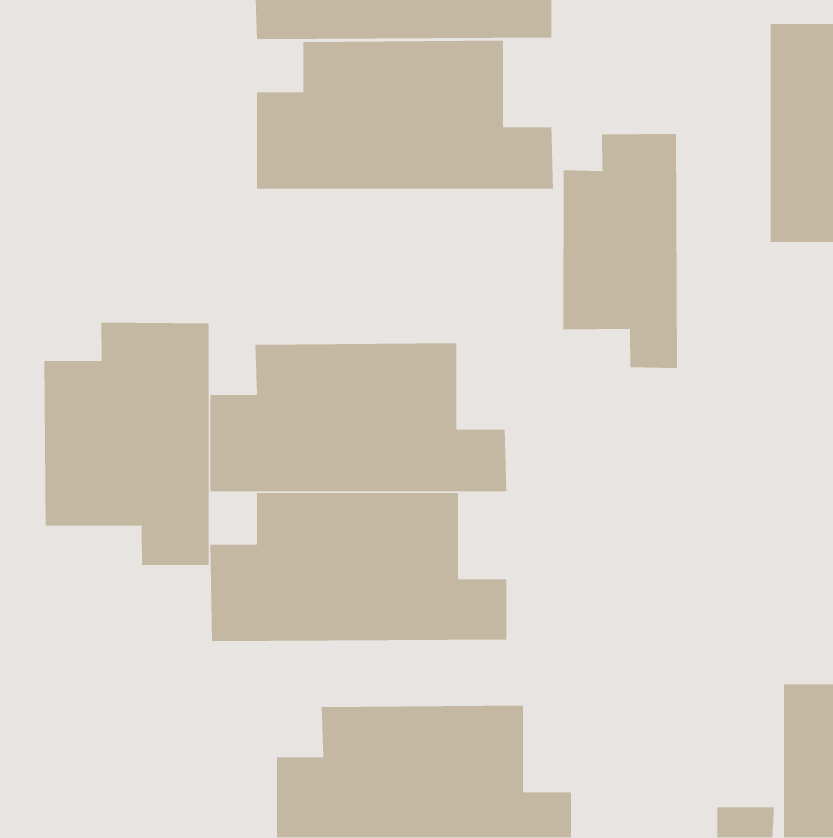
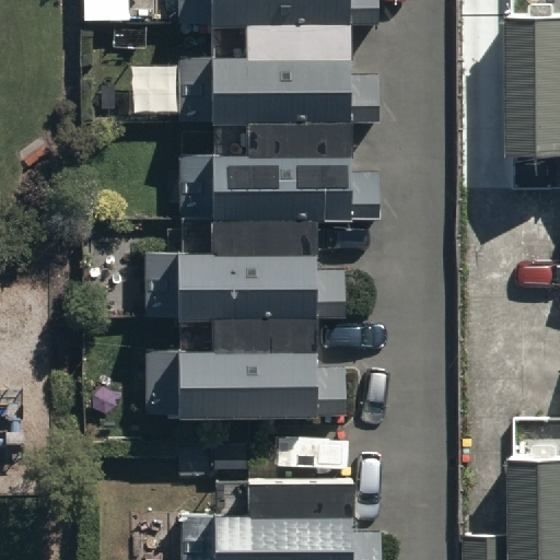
building: [563,133,678,369] -> none
building: none -> [178,126,374,224]
building: [43,322,209,566] -> none

